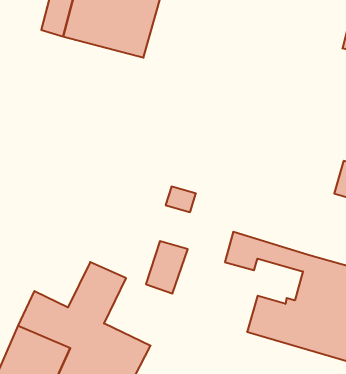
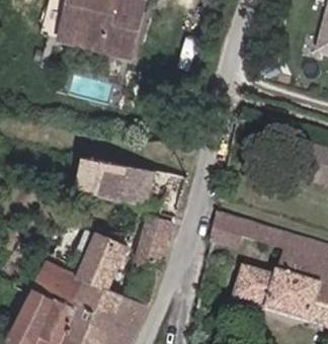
building: none -> [85,154,161,204]

